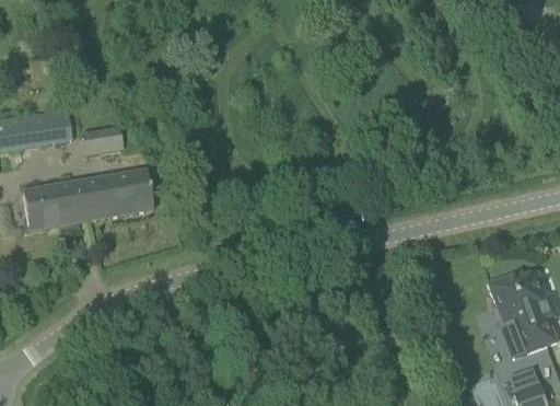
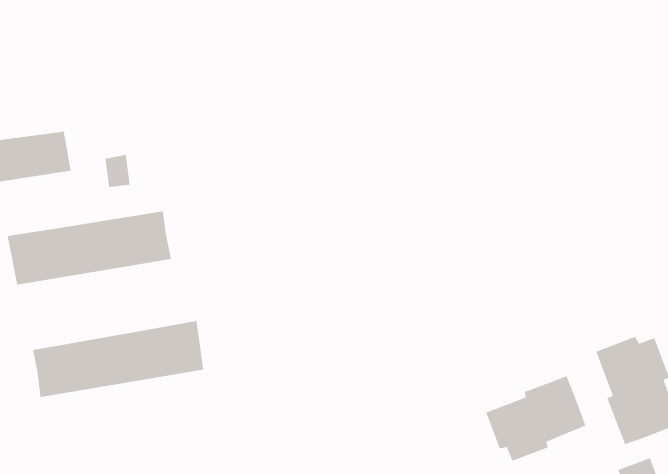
building: none -> [32,320,204,398]
building: none -> [485,375,586,461]

